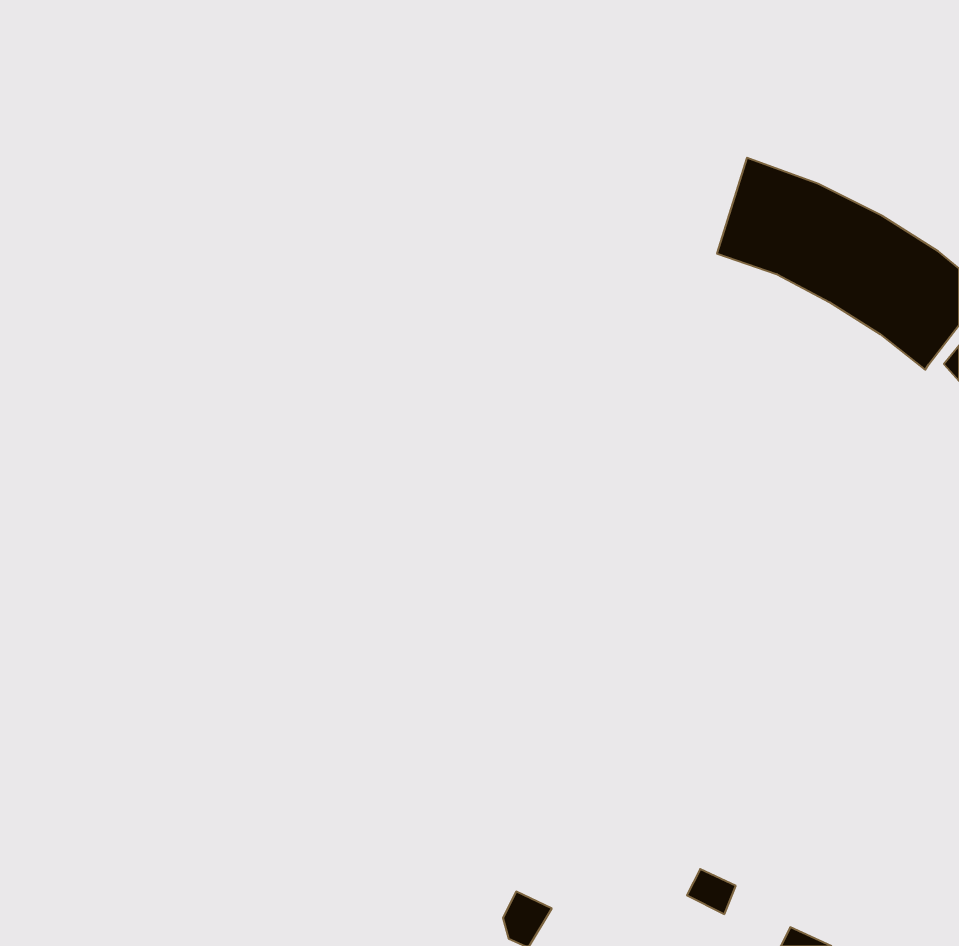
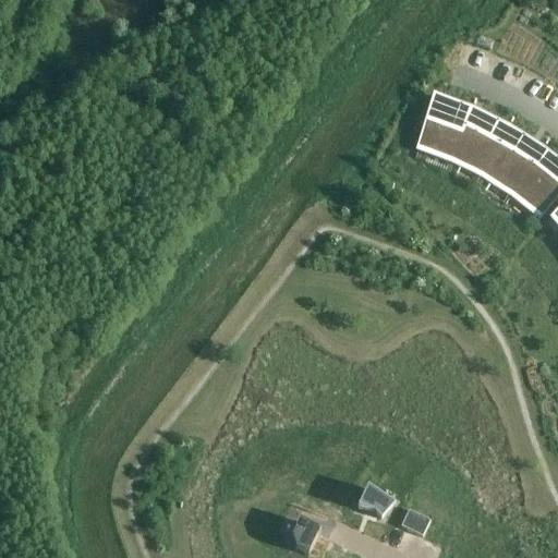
building: none -> [357,483,395,513]

